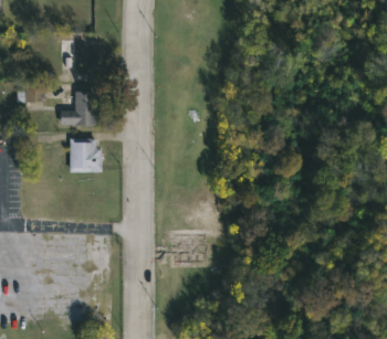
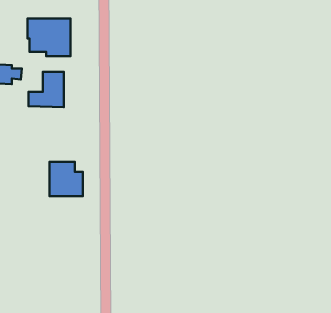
building: [74,137,107,171] -> [49,162,83,196]

